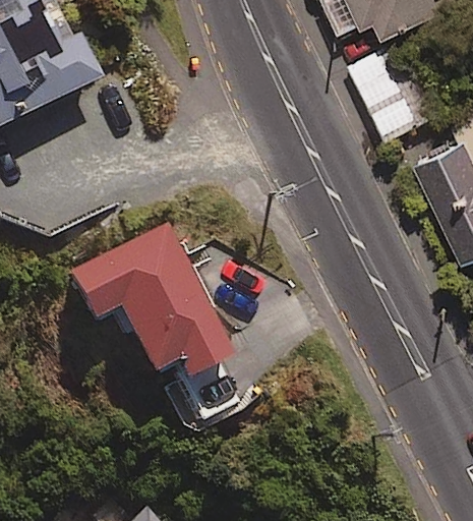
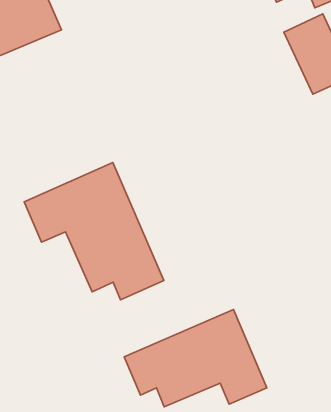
building: none -> [124,309,267,407]

